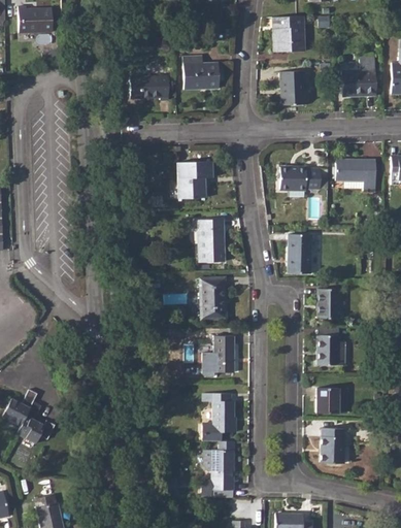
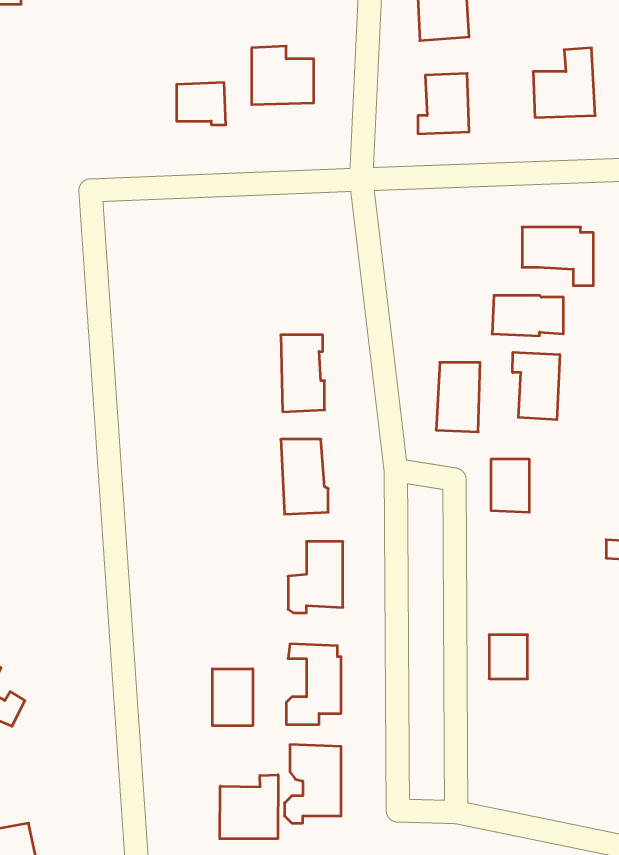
building: [178,162,212,198] -> none
building: [280,167,321,190] -> [492,295,563,336]
building: none -> [513,352,560,420]
building: [318,335,346,364] -> none
building: none -> [212,669,253,726]
building: [322,428,345,463] -> none
building: none -> [220,775,278,839]

